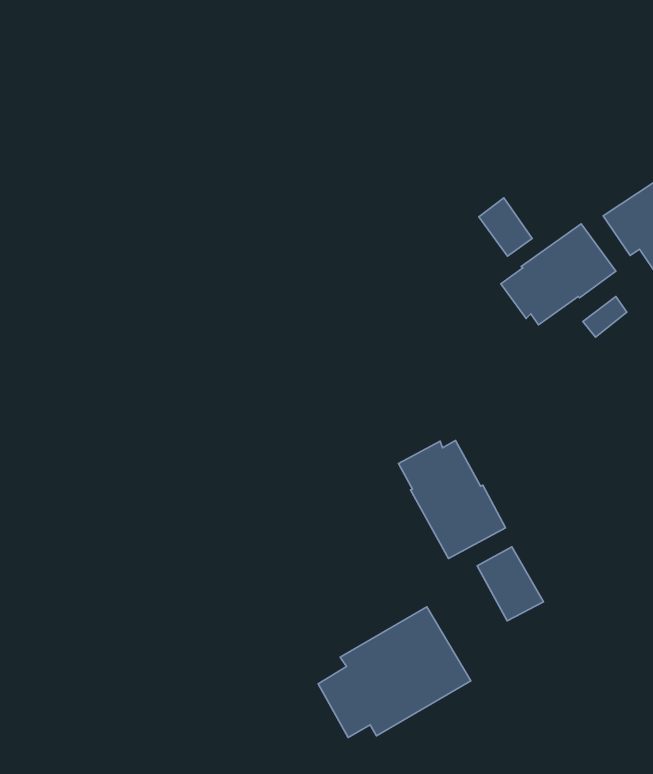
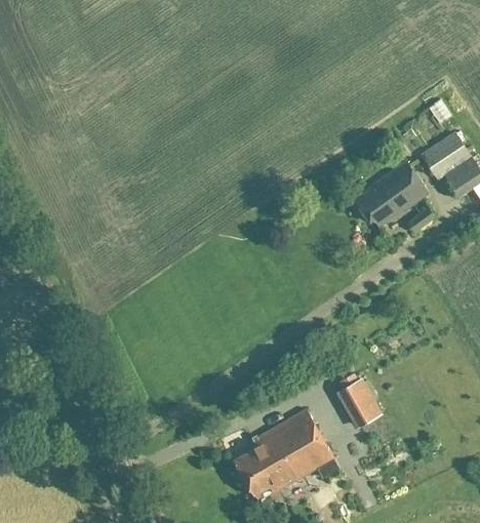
building: [479,198,532,256] -> none
building: [399,441,506,559] -> none

